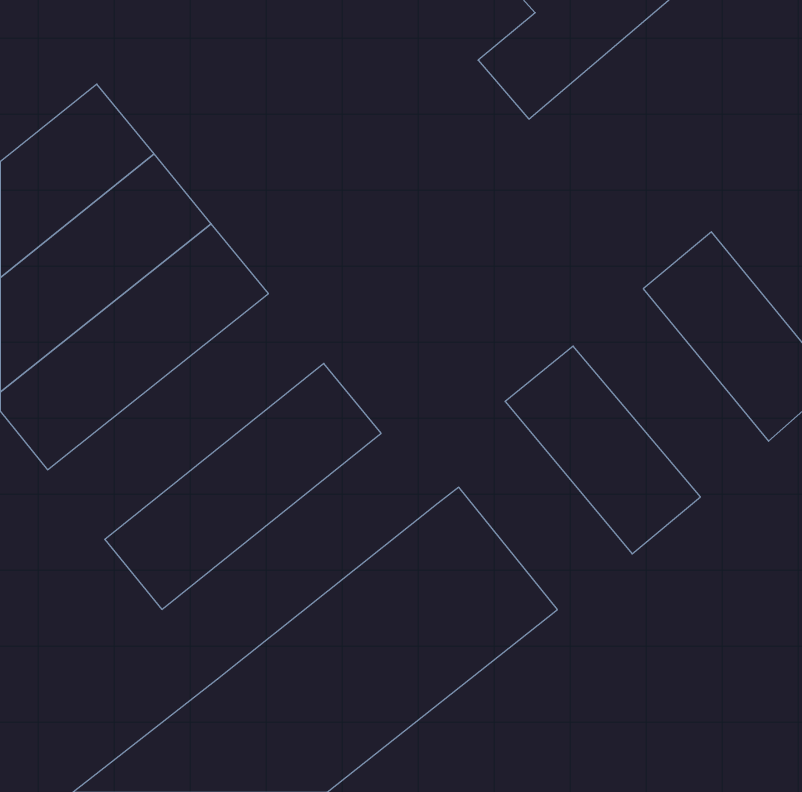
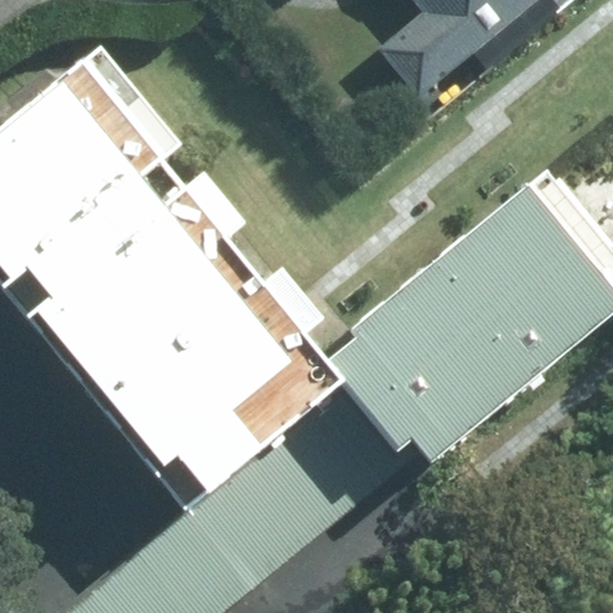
building: none -> [439,218,587,375]
building: none -> [43,221,251,407]
building: none -> [336,303,484,460]
building: none -> [129,327,338,512]

